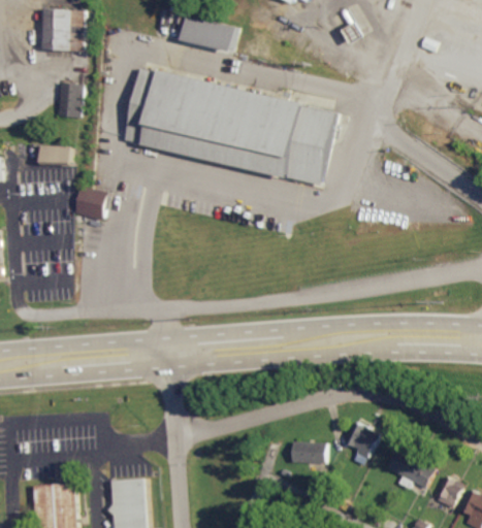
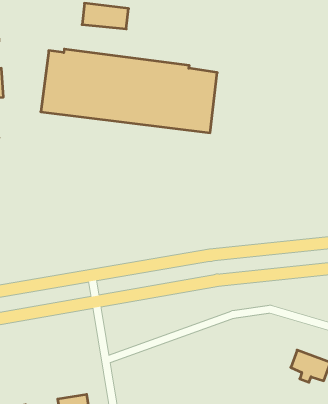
building: [75,188,107,221] -> none
building: [346,423,379,467] -> none
building: [291,442,325,464] -> none

